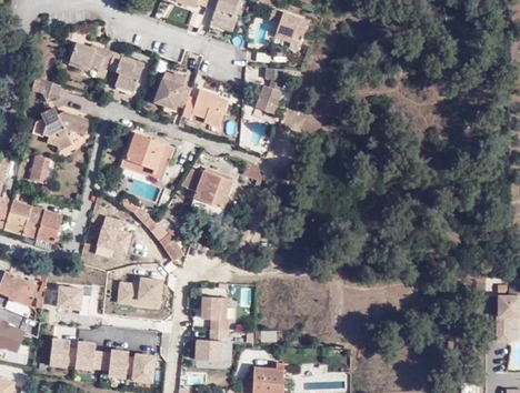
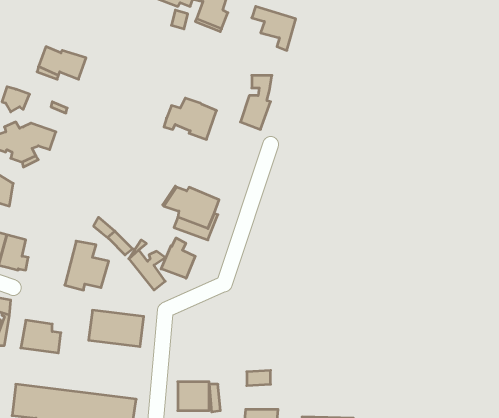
building: [108,52,144,92] -> none
building: [157,71,191,108] -> none
building: [122,132,173,181] -> none
building: none -> [161,238,195,278]
building: [202,295,229,329] -> none

